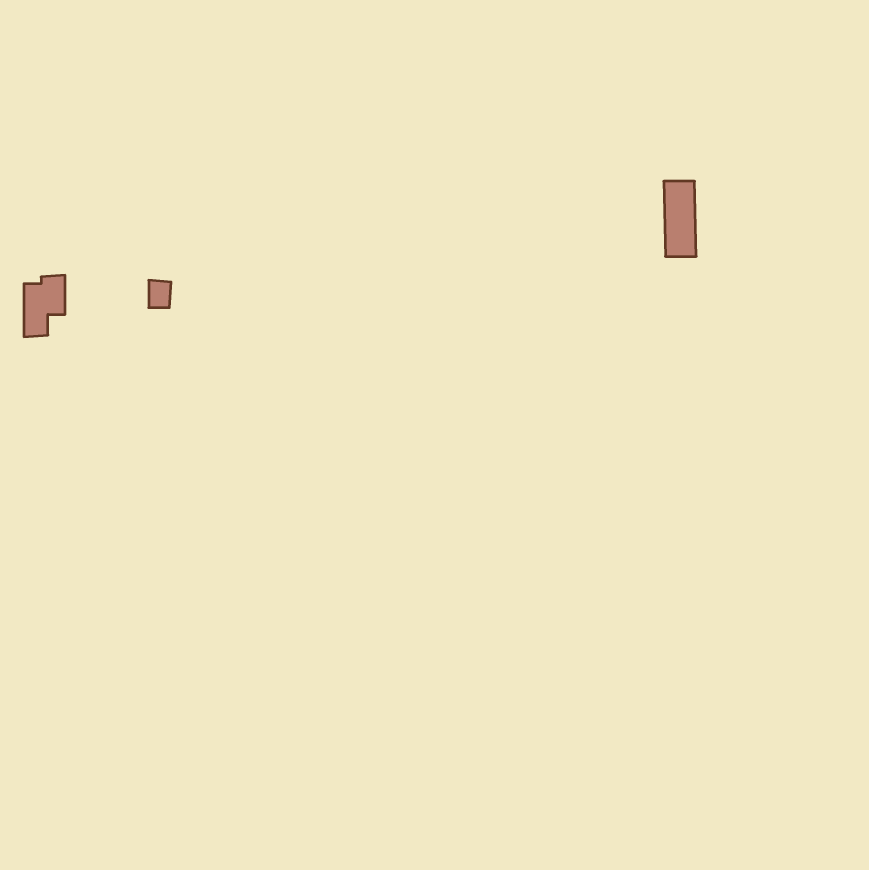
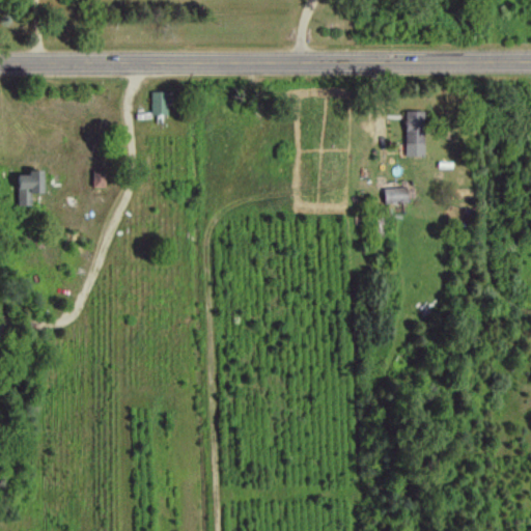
building: none -> [151,92,170,116]
building: none -> [384,188,408,205]

